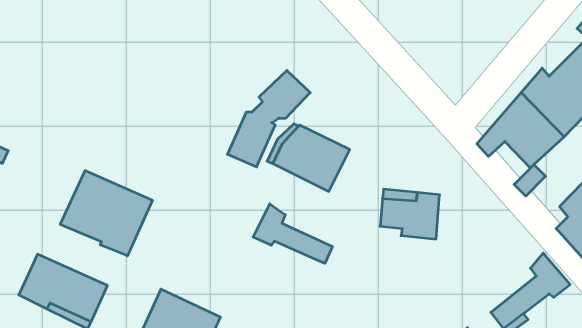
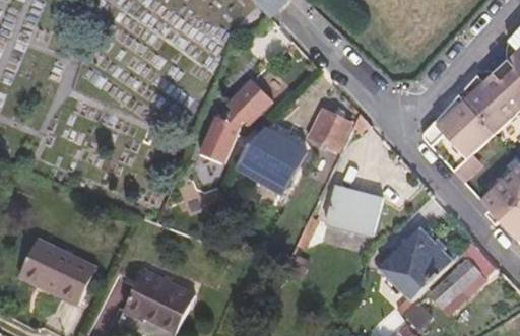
building: none -> [310,109,351,150]
building: [60,171,152,256] -> none
building: [253,204,332,263] -> none
building: none -> [383,229,454,300]

